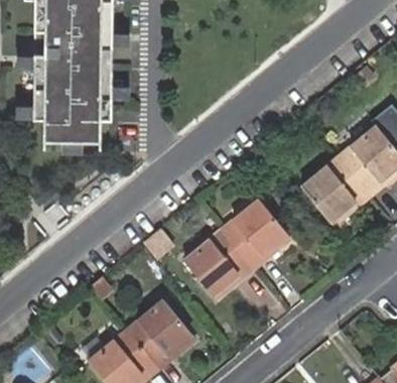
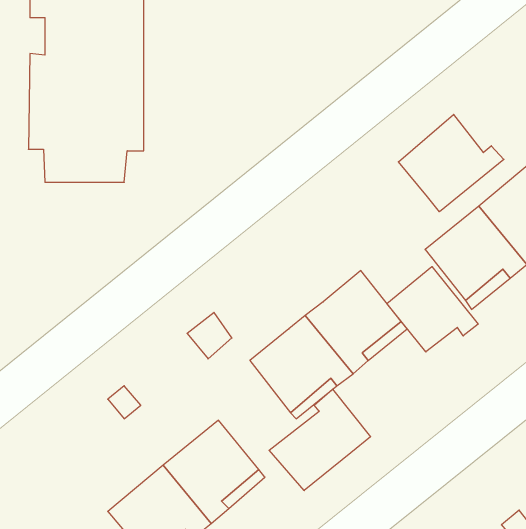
building: none -> [398,114,504,212]
building: none -> [387,267,478,352]
building: none -> [269,389,371,491]

